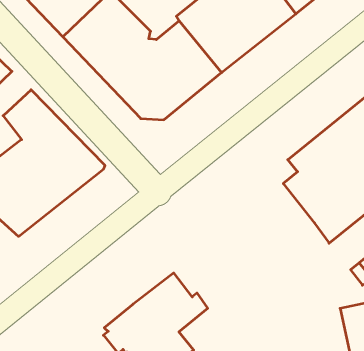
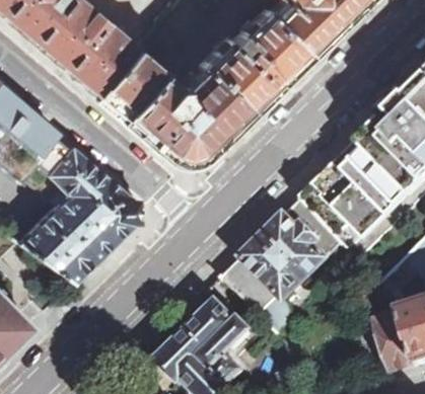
building: none -> [225,200,347,335]

